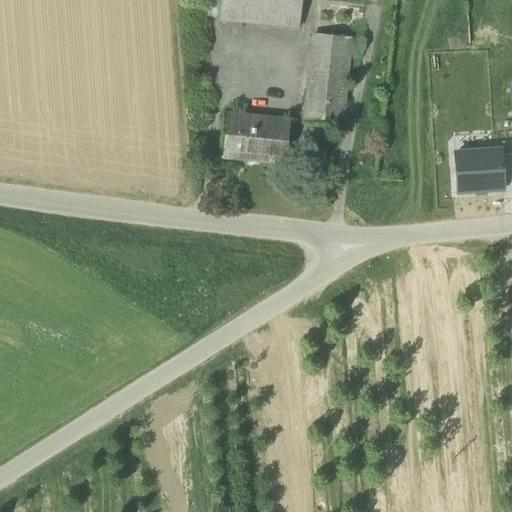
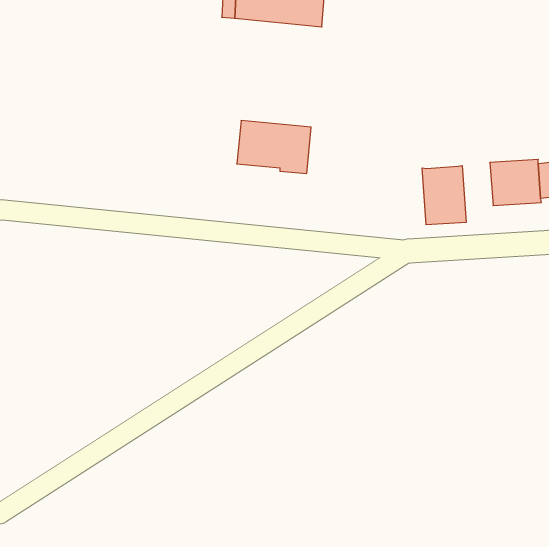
building: [305,32,351,124] -> none
building: none -> [422,166,466,225]

